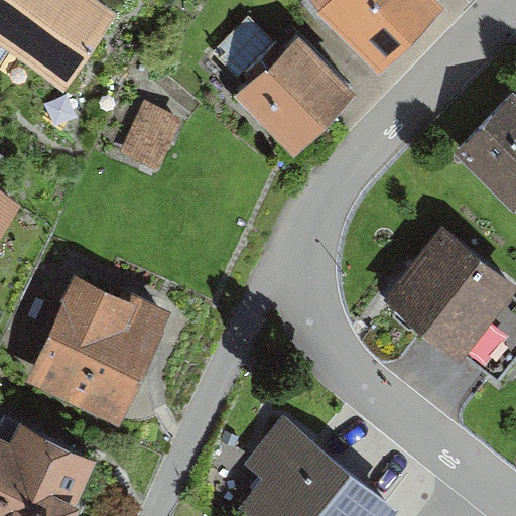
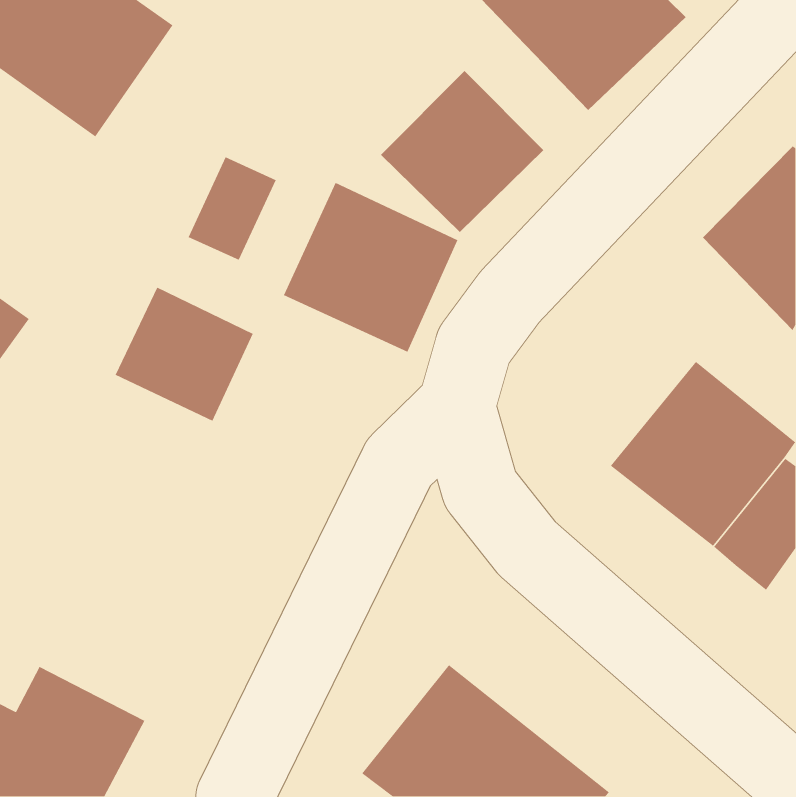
building: none -> [283,182,458,353]
building: none -> [115,286,254,422]
building: [29,282,165,421] -> none

